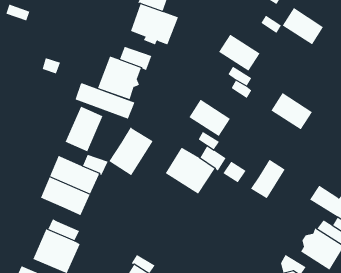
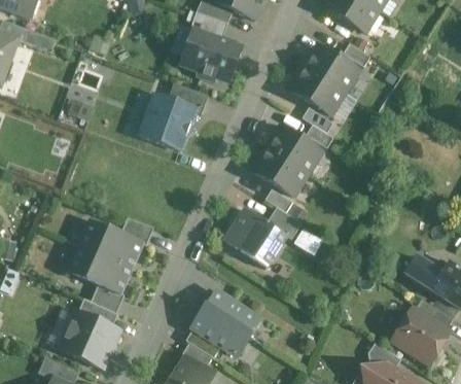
building: [282,7,324,45] -> [305,45,357,93]
building: [75,82,135,119] -> none
building: [271,92,313,130] -> [268,127,320,174]
building: [65,106,103,152] -> none
building: [109,126,154,176] -> none
building: [251,159,286,199] -> none
building: none -> [90,285,123,313]
building: none -> [193,291,259,355]

